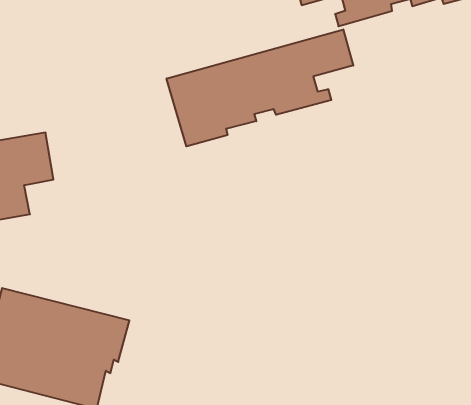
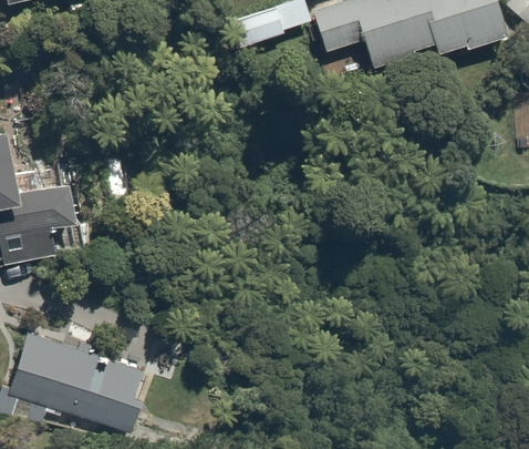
building: [167,29,353,146] -> none

